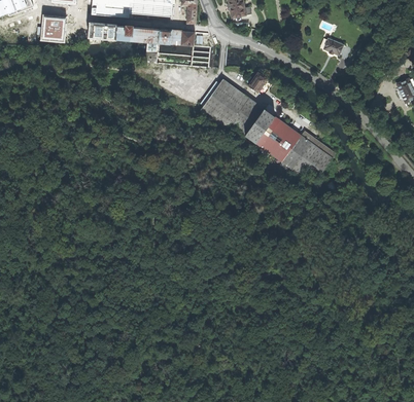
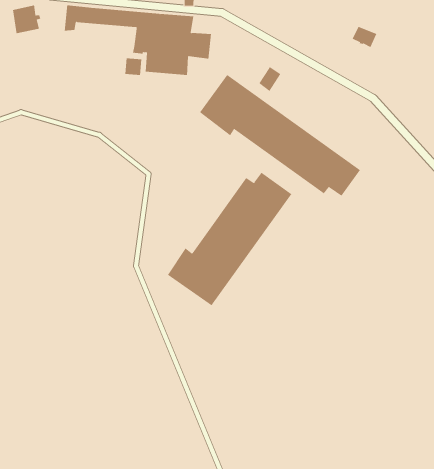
building: none -> [167,172,292,306]

